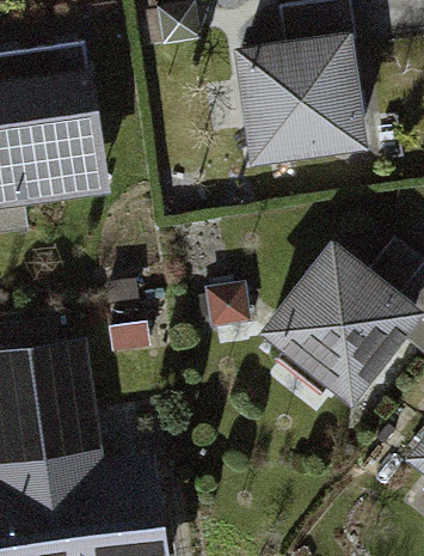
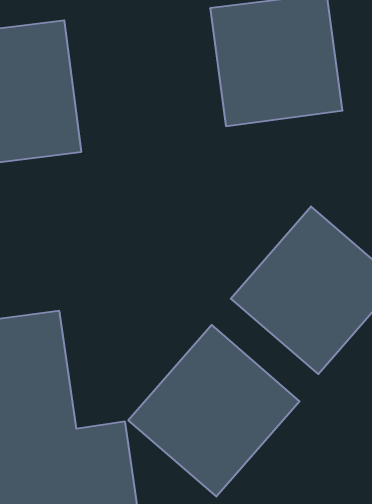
building: none -> [128,325,300,497]

